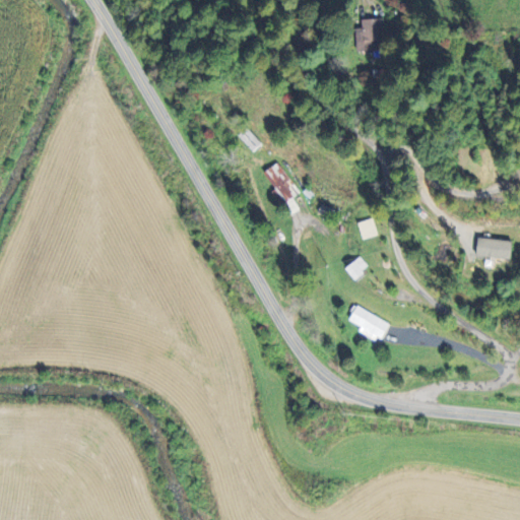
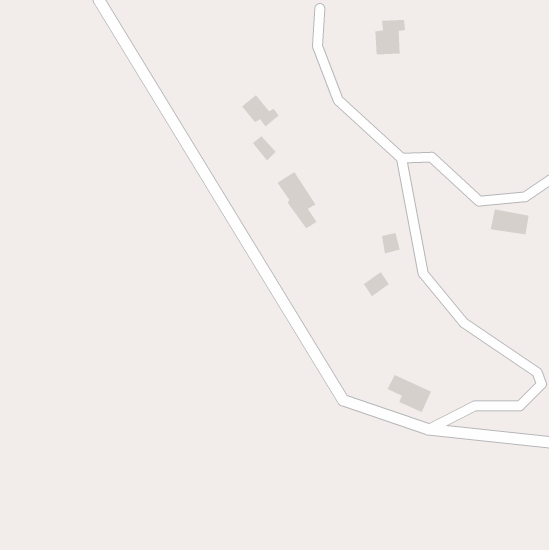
building: none -> [241,94,280,127]
building: [473,237,511,261] -> [490,209,530,235]
building: [347,306,390,342] -> [387,374,432,413]

